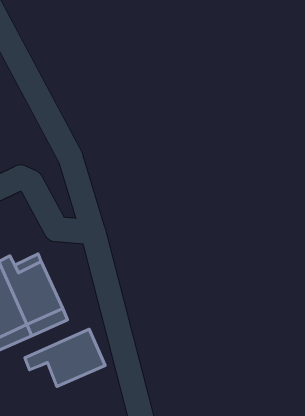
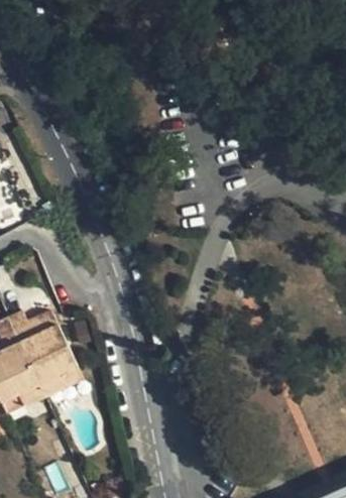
building: [25,329,105,386] -> none

